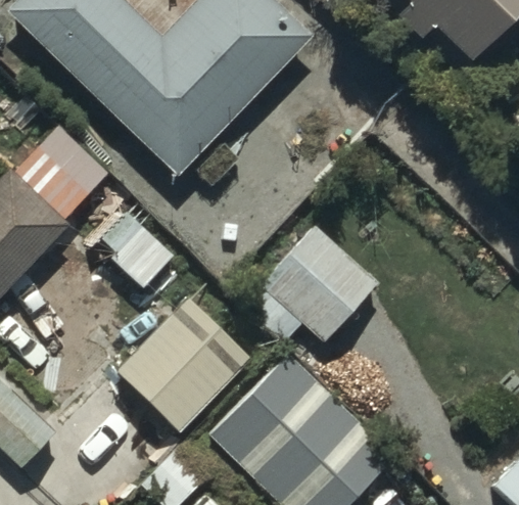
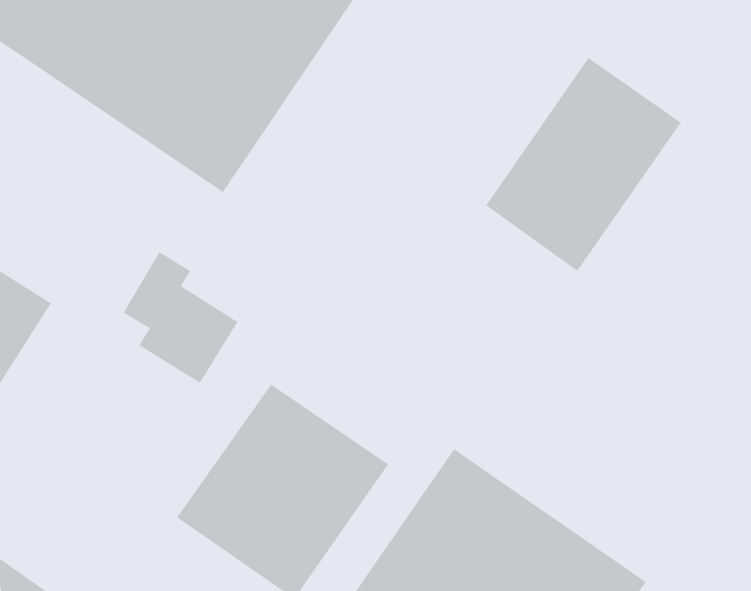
building: none -> [485,57,682,272]
building: [243,227,378,345] -> none

